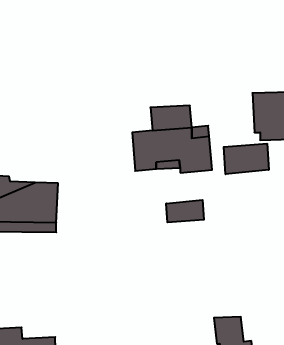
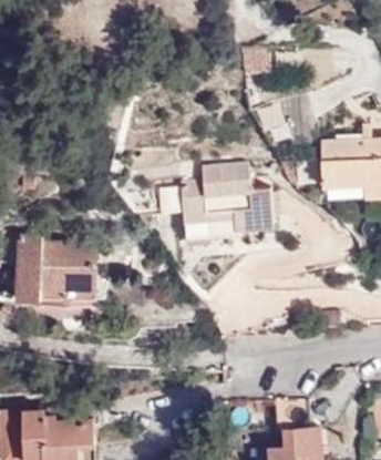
building: [224,144,269,174] -> none
building: [166,200,204,222] -> none

